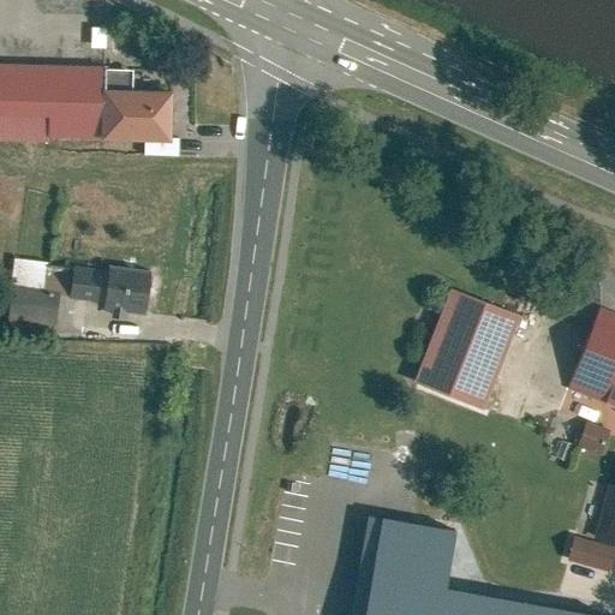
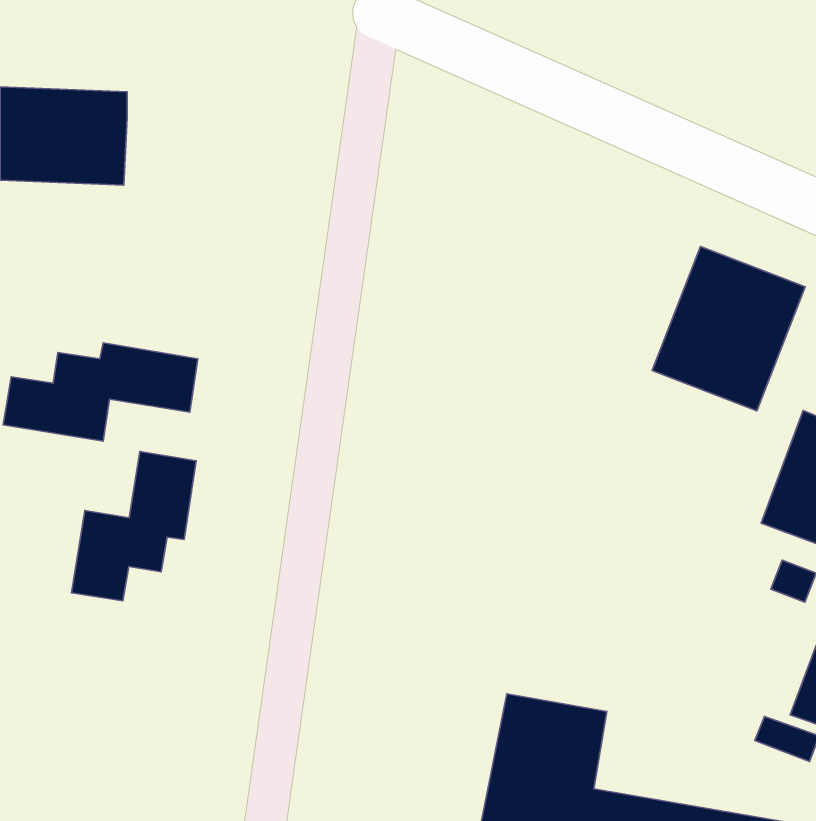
building: [97,89,167,142] -> none
building: [408,288,523,411] -> [652,247,805,411]
building: none -> [72,451,196,601]

